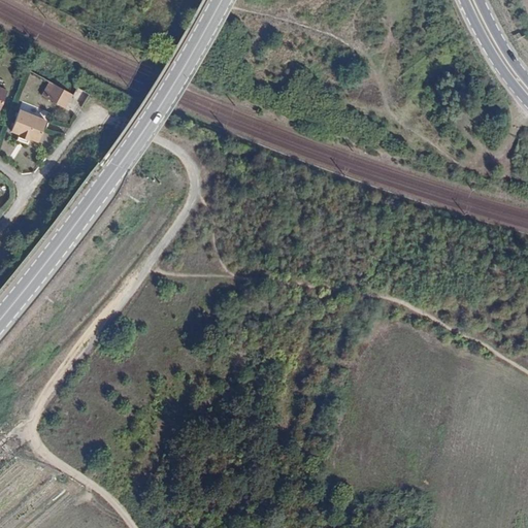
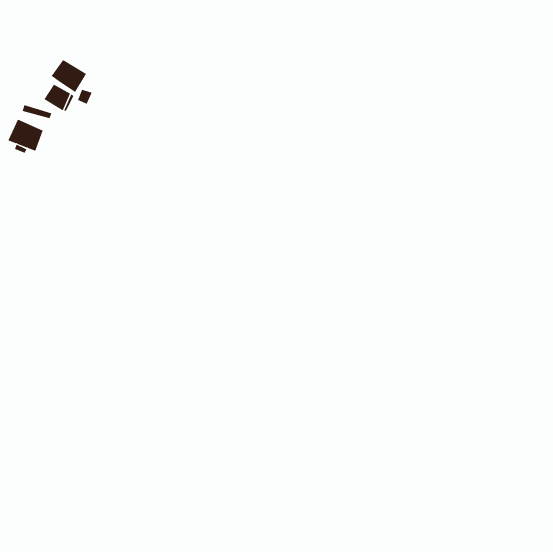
building: none -> [51,59,87,93]

